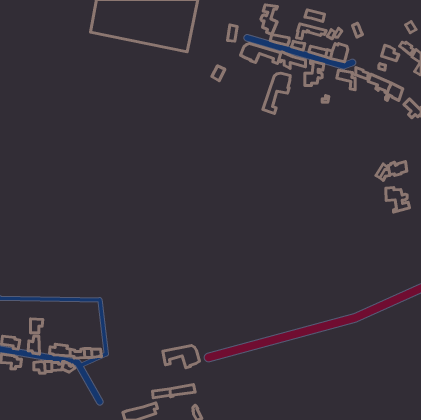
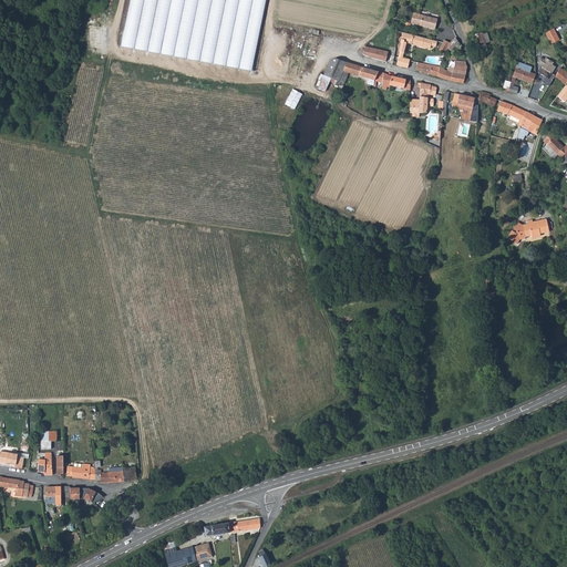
building: [261,5,277,35] -> none
building: [263,73,290,113] -> none
building: [386,187,409,212] -> none
building: [163,345,200,368] -> none

